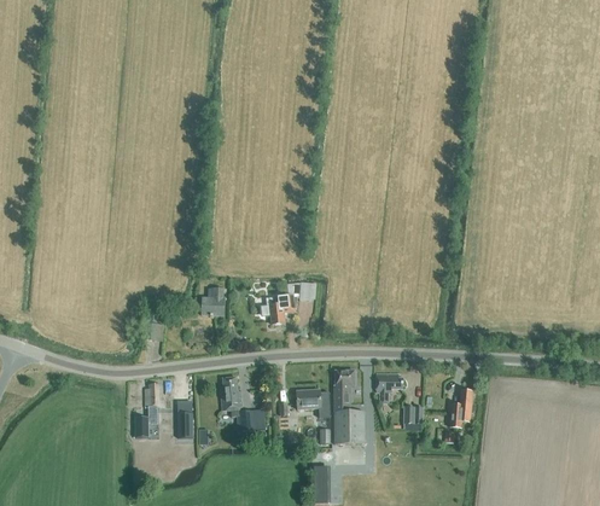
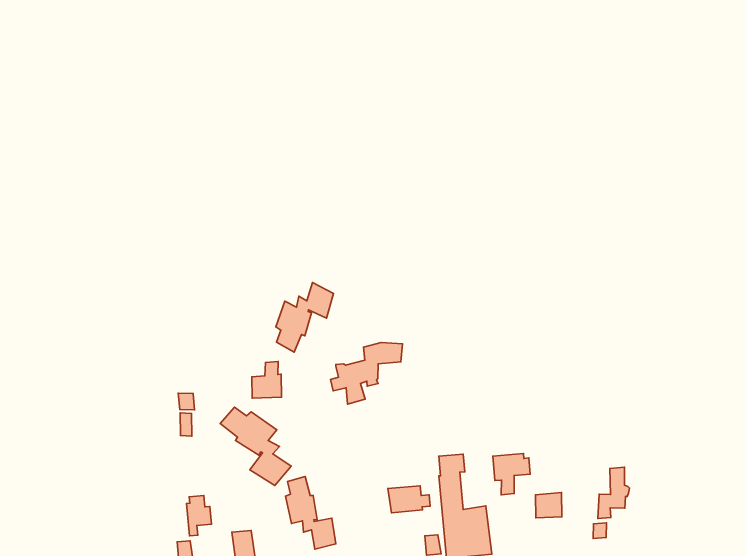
building: none -> [276,282,334,352]
building: none -> [220,407,291,486]

